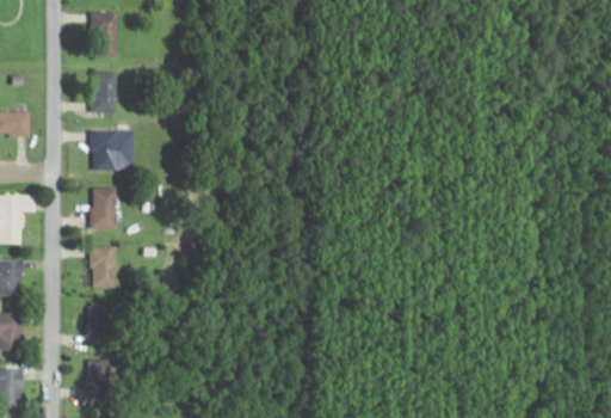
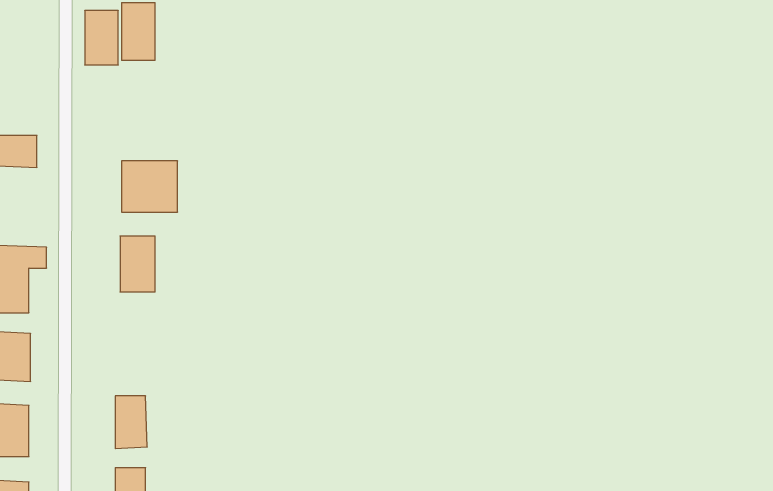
building: [92,72,117,112] -> [85,11,118,65]
building: [91,247,117,288] -> none

